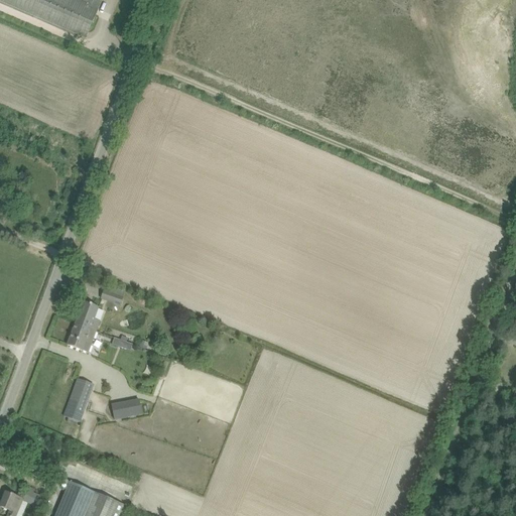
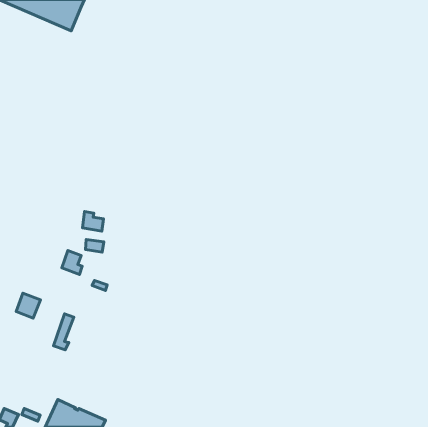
building: none -> [82,211,103,231]
building: [67,322,96,353] -> [16,293,41,318]
building: [113,397,145,419] -> none

